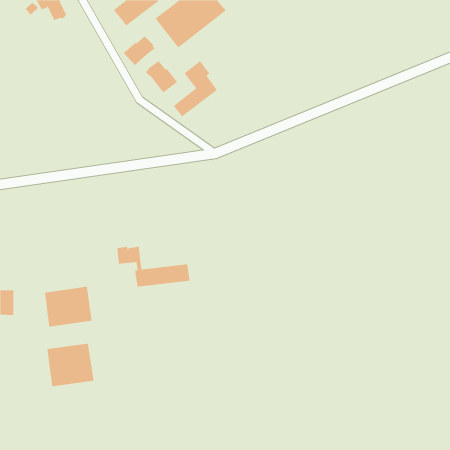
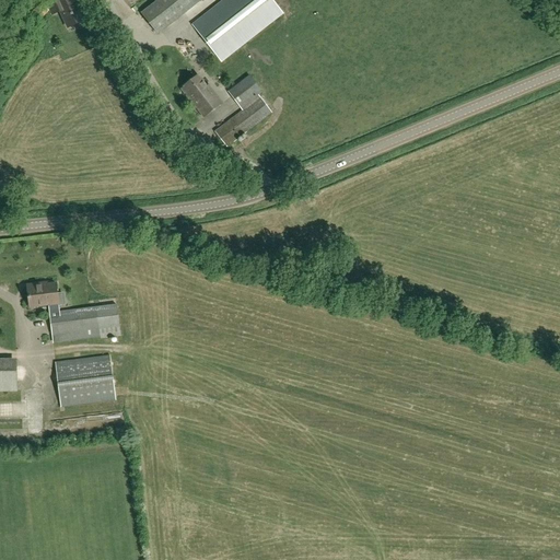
building: [123,35,156,66] -> none
building: [117,246,191,287] -> [26,282,118,334]
building: [46,343,94,387] -> none

